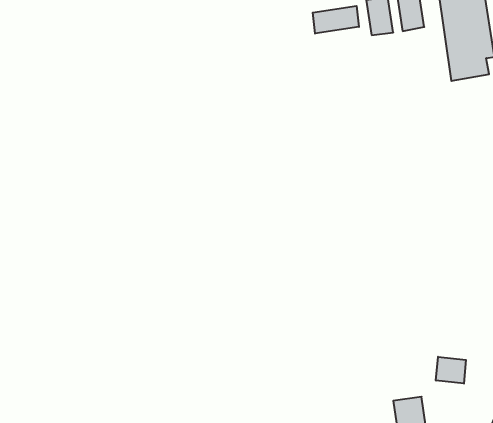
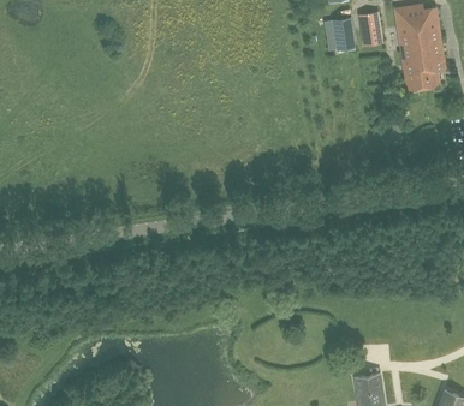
building: [313,6,359,34] -> none
building: [436,357,466,384] -> none

